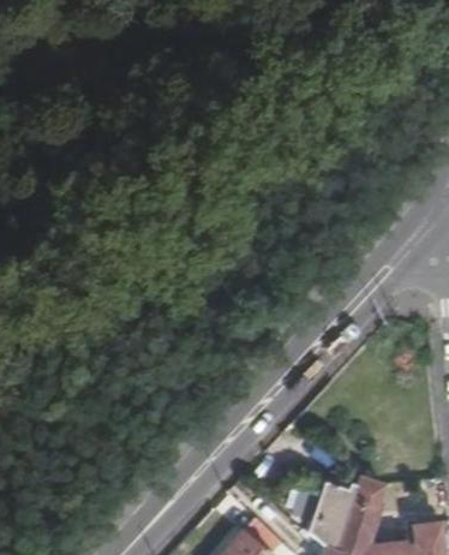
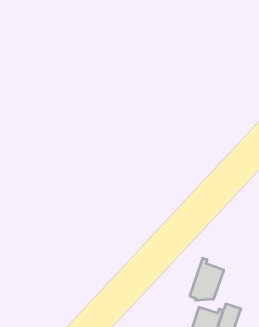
building: none -> [190,258,224,300]

